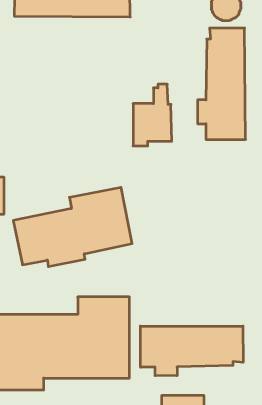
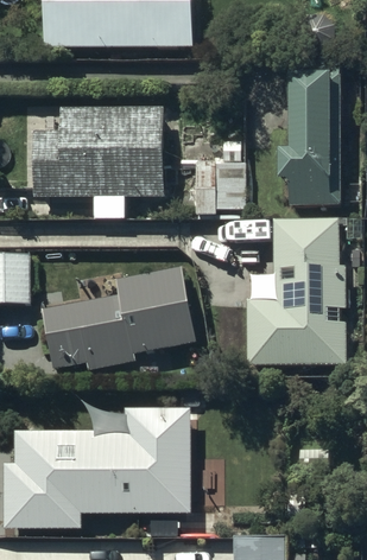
building: none -> [33,108,164,217]
building: none -> [246,218,346,364]
building: [140,326,243,376] -> none

